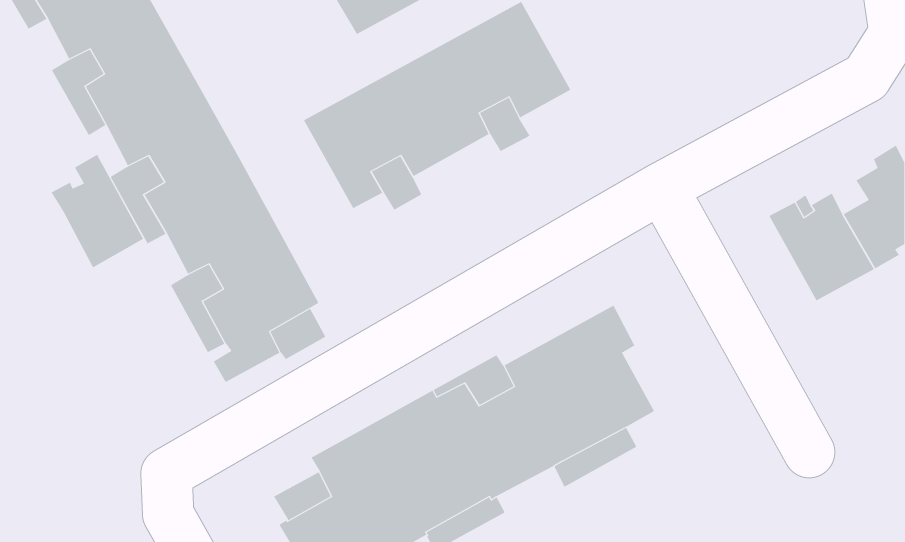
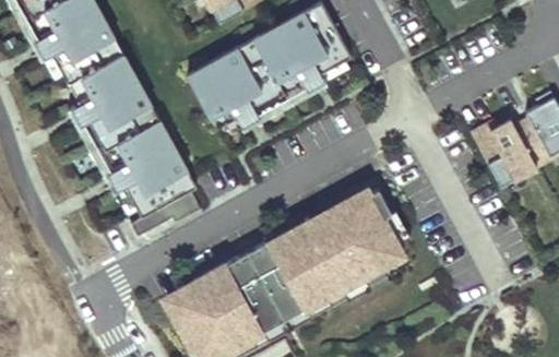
building: [51,154,144,268] -> none

